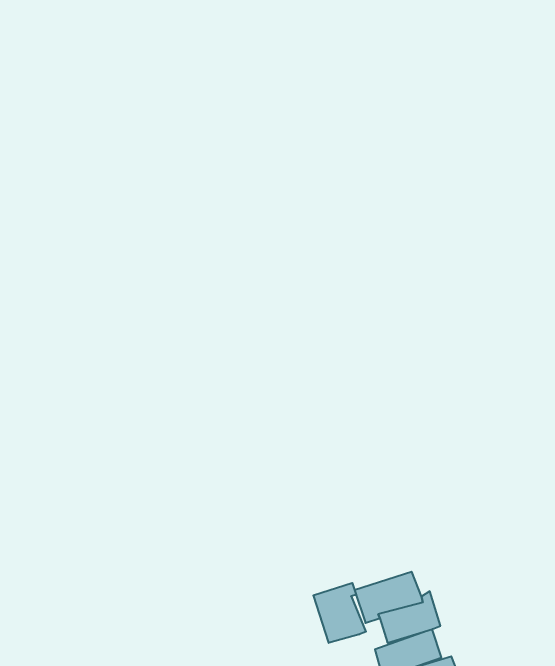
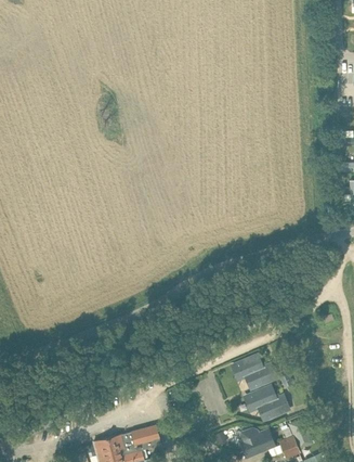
building: [313,583,366,643] -> none

